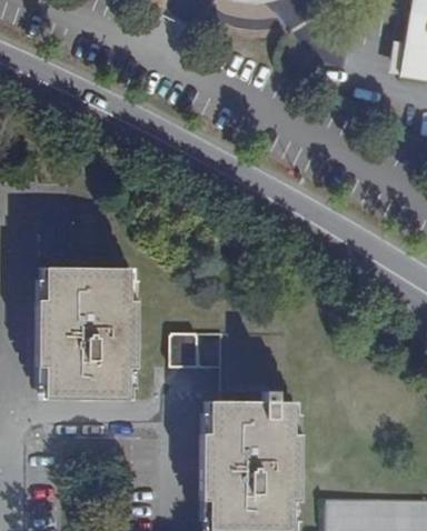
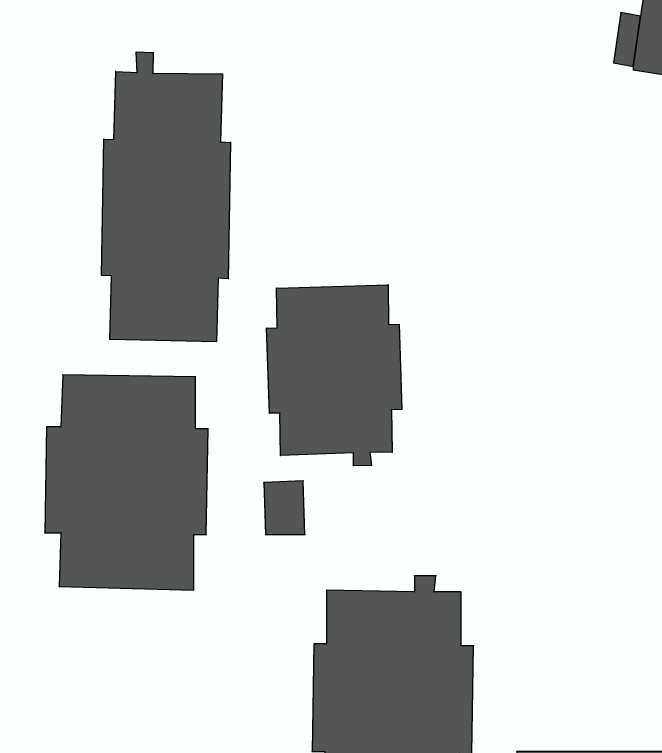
building: none -> [102,52,231,342]
building: none -> [267,285,402,466]

